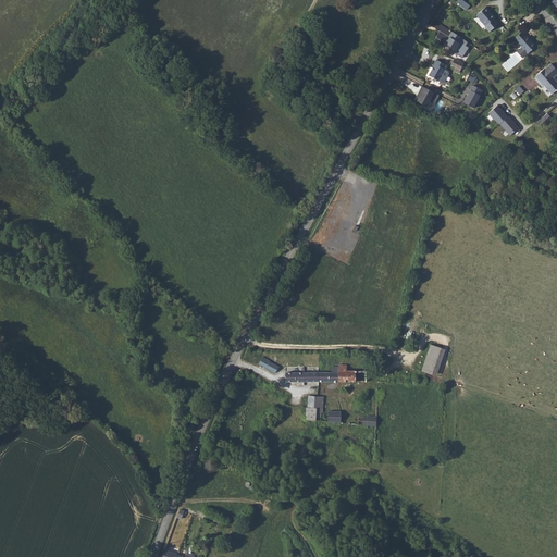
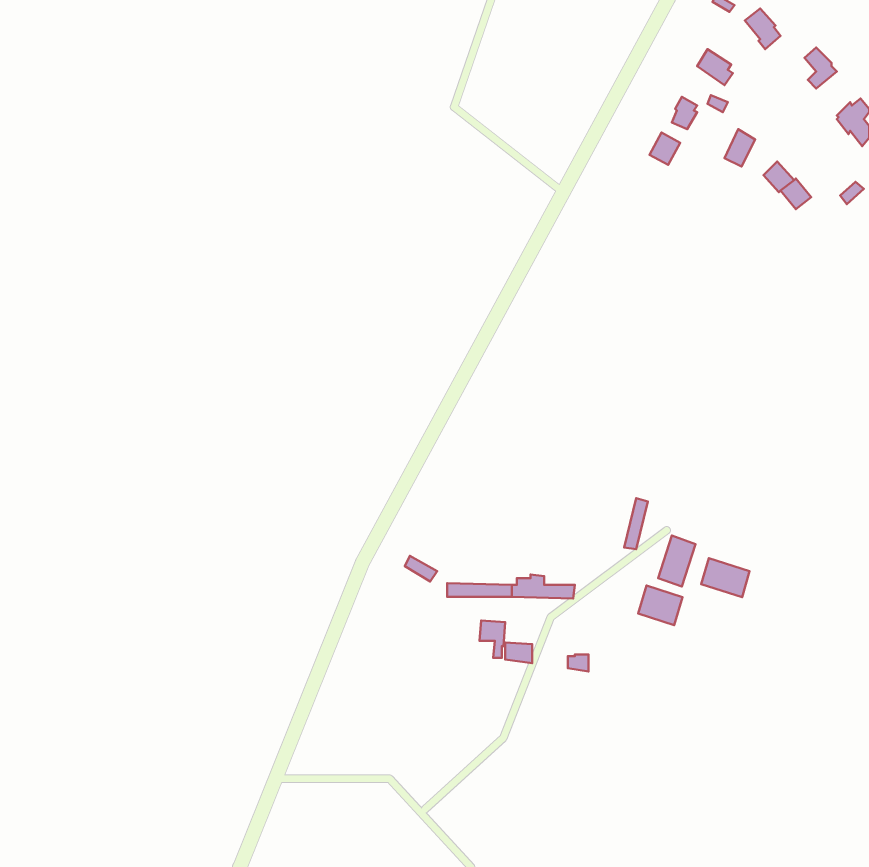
building: none -> [701,558,749,597]
building: none -> [638,586,683,625]

